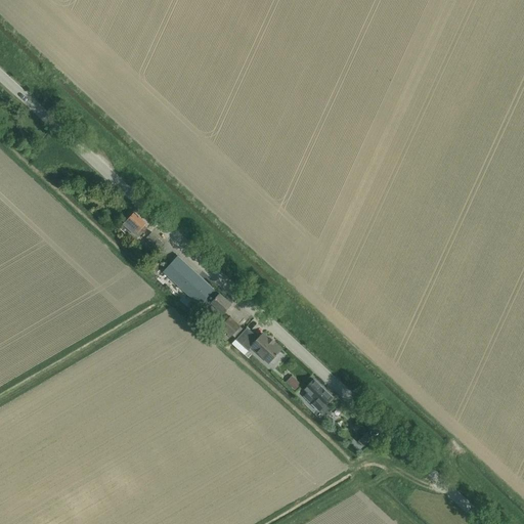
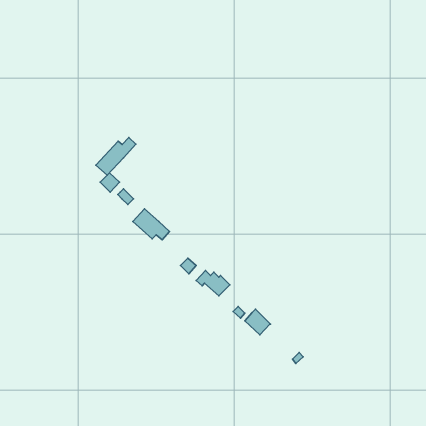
building: none -> [96,137,136,175]
building: [186,283,231,314] -> none

